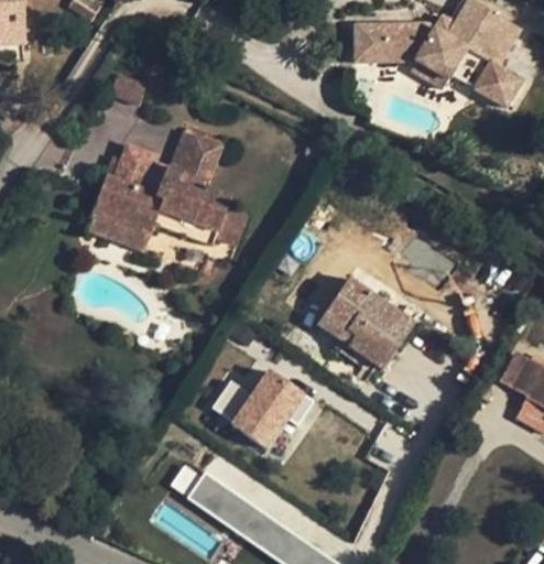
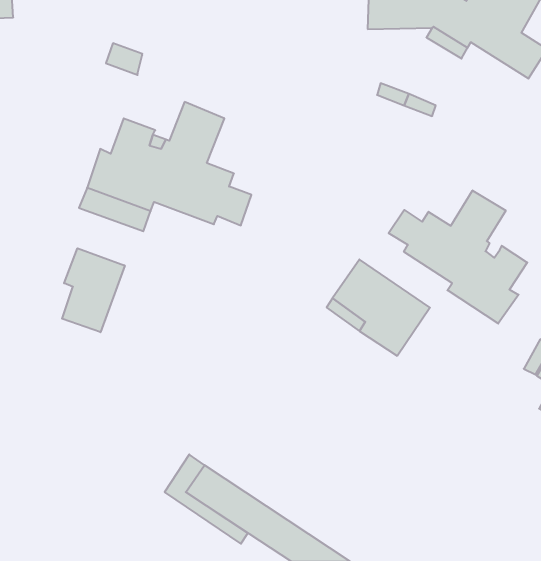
building: none -> [389,190,527,324]
building: none -> [62,248,125,332]
building: [210,368,312,446] -> none

